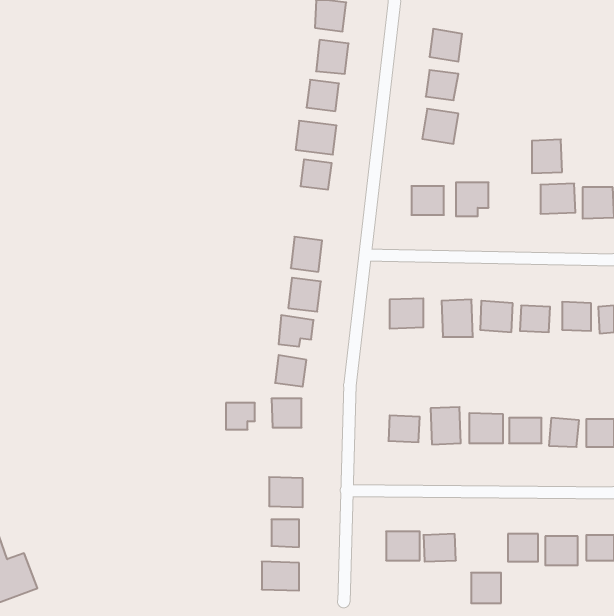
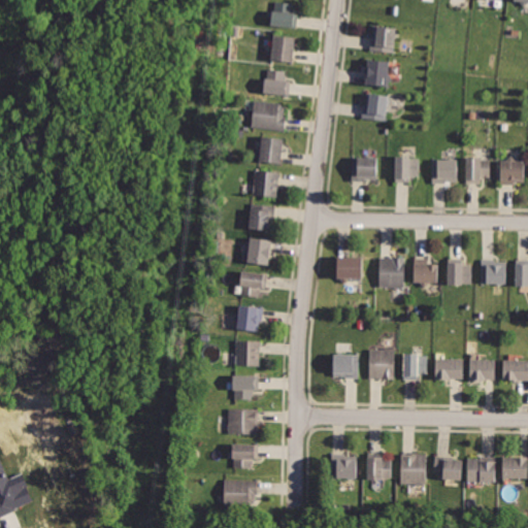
building: [532,139,562,173] -> [430,158,456,187]
building: none -> [253,170,278,199]
building: [226,403,255,430] -> [234,375,259,398]
building: [471,573,501,603] -> [398,457,424,483]

